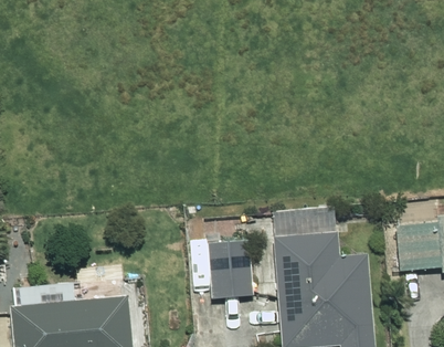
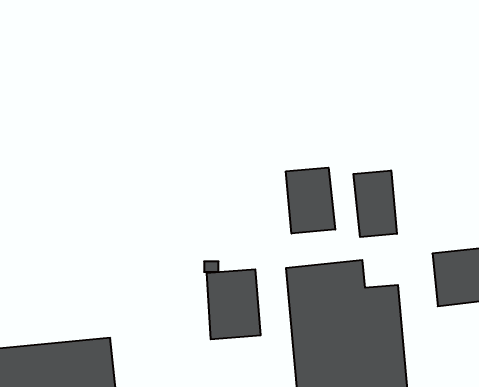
building: none -> [286,168,335,234]
building: none -> [353,170,397,237]

